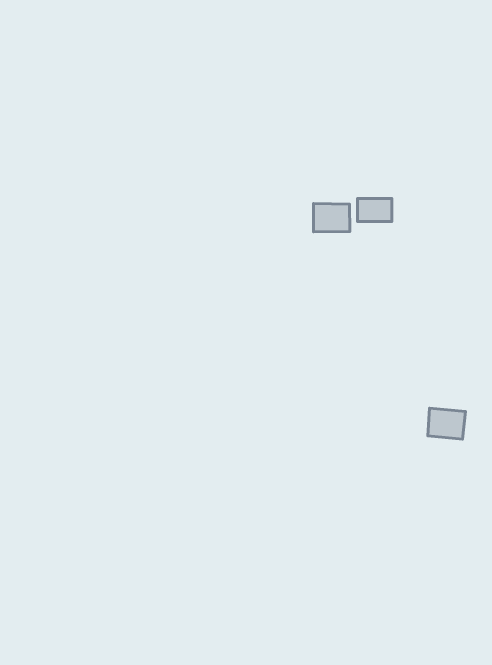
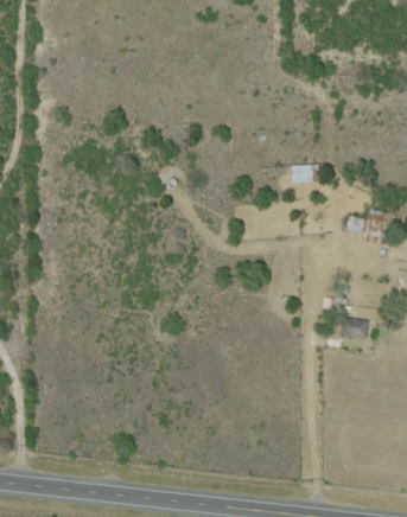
building: [314,203,350,232] -> none

